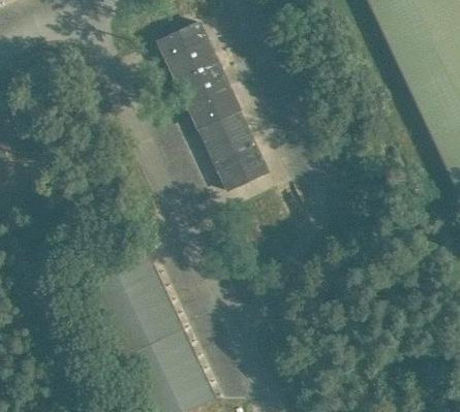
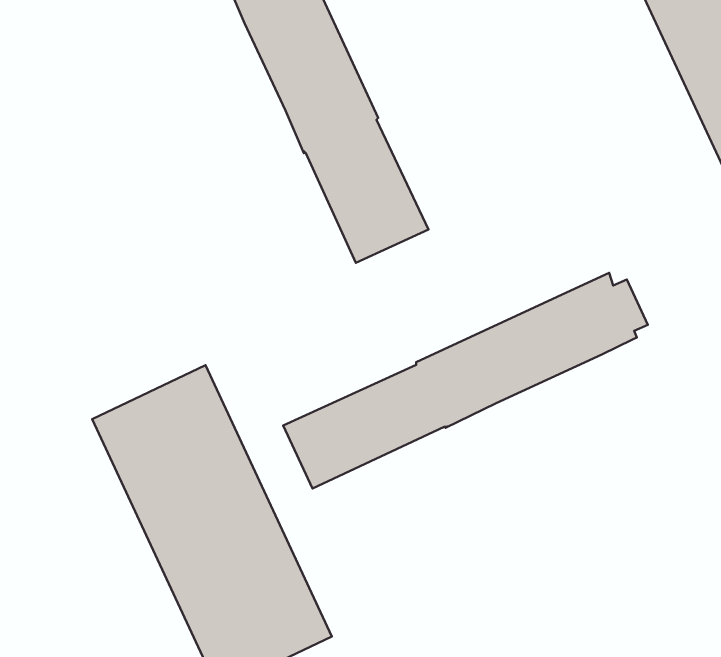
building: none -> [283,273,648,489]

